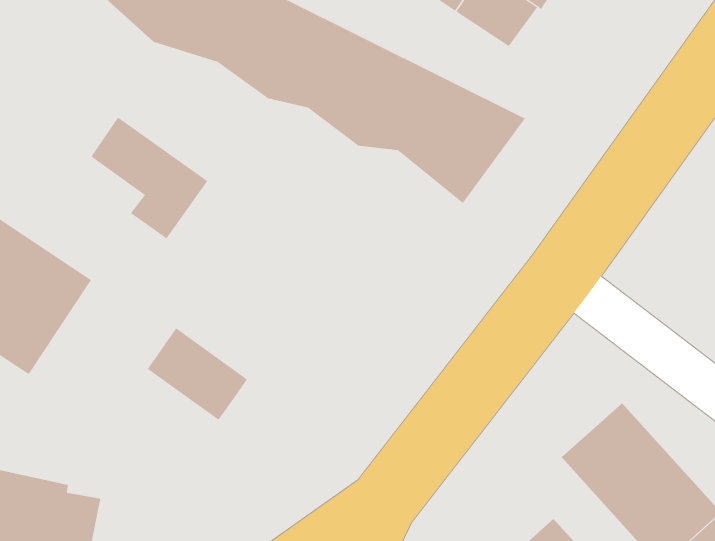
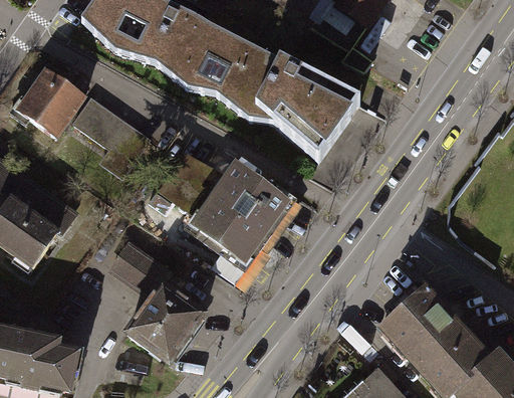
building: none -> [16,71,86,142]
building: none -> [191,162,292,264]
building: none -> [126,282,208,366]

